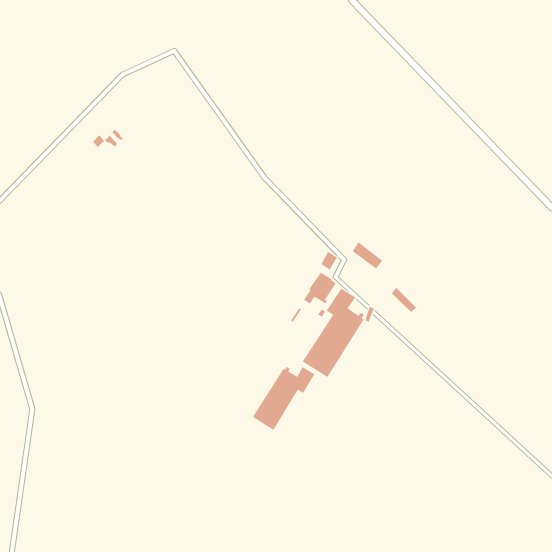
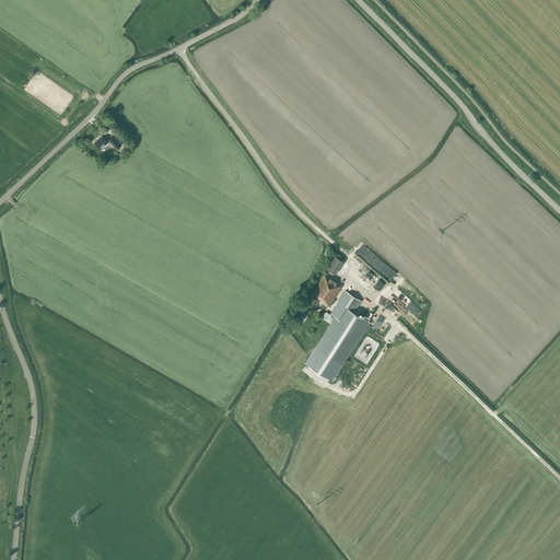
building: [252,366,315,431] -> none

